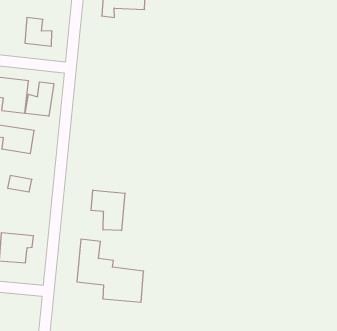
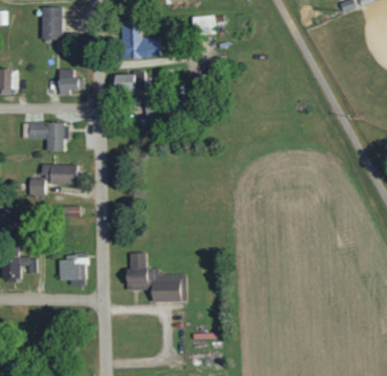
building: none -> [113,72,145,91]
building: [25,82,54,116] -> none
building: [91,190,125,231] -> none

